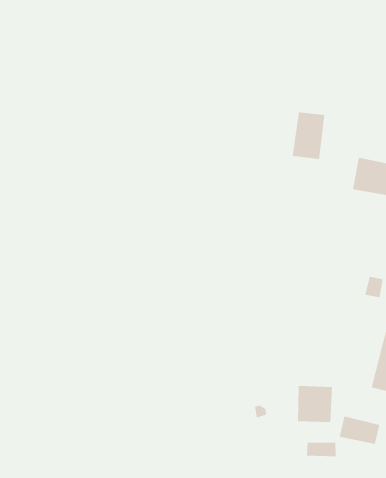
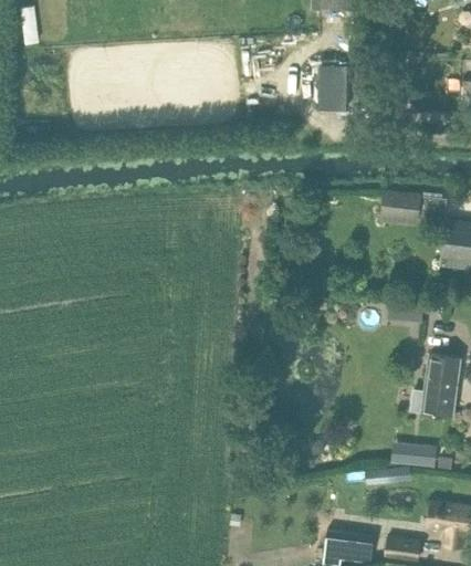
building: [292,112,325,160] -> [320,65,347,109]
building: [298,385,333,423] -> none

